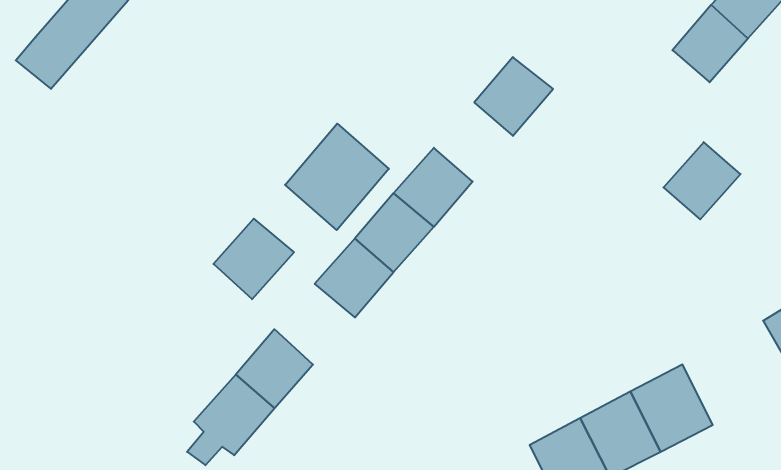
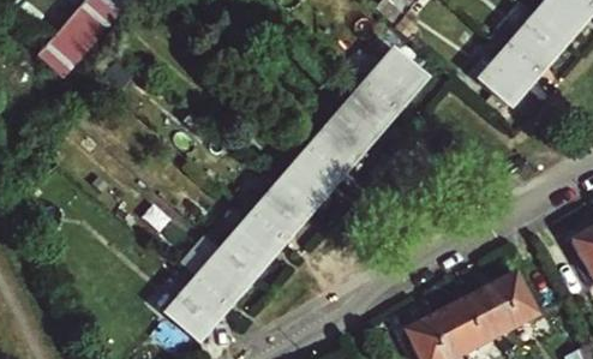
building: none -> [336,84,393,140]
building: [285,124,389,230] -> none
building: [663,142,741,219] -> [478,47,533,102]
building: [213,219,294,299] -> [222,214,280,271]

